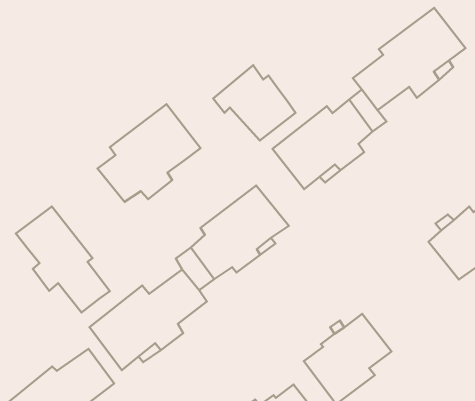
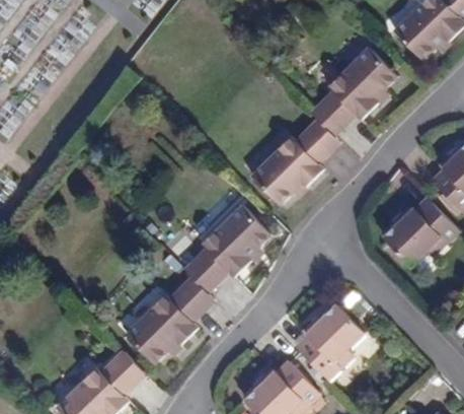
building: [213,65,295,141] -> none
building: [98,104,200,202] -> none
building: [16,206,110,313] -> none

